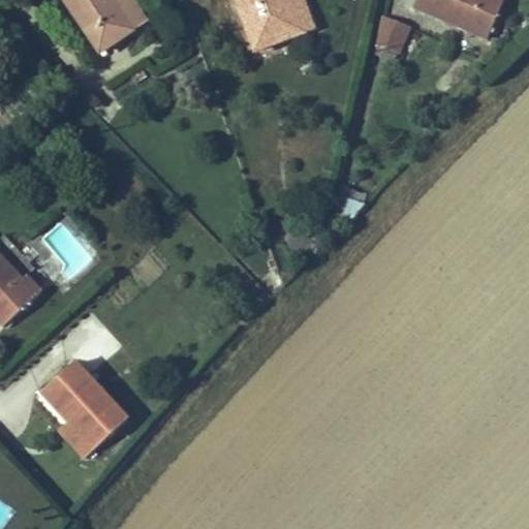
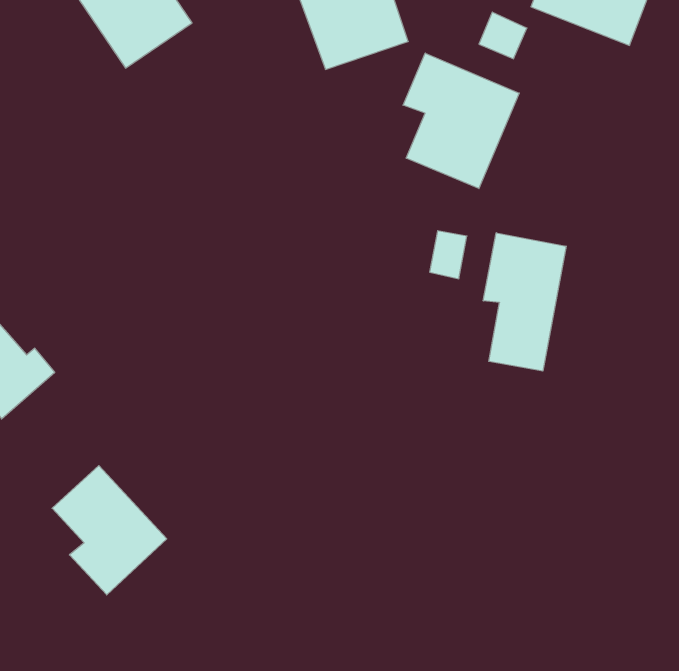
building: none -> [403,53,519,189]
building: none -> [483,233,566,371]

